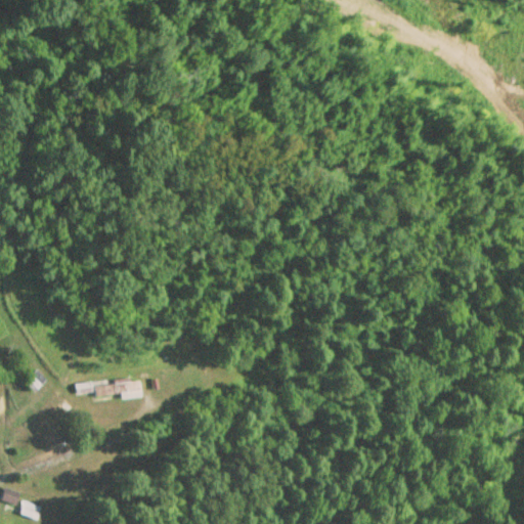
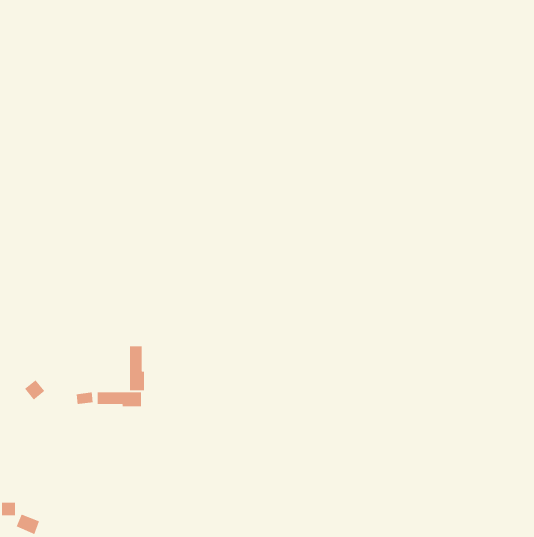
building: none -> [130,346,144,391]

